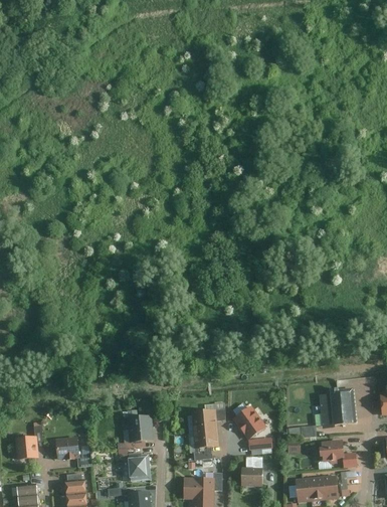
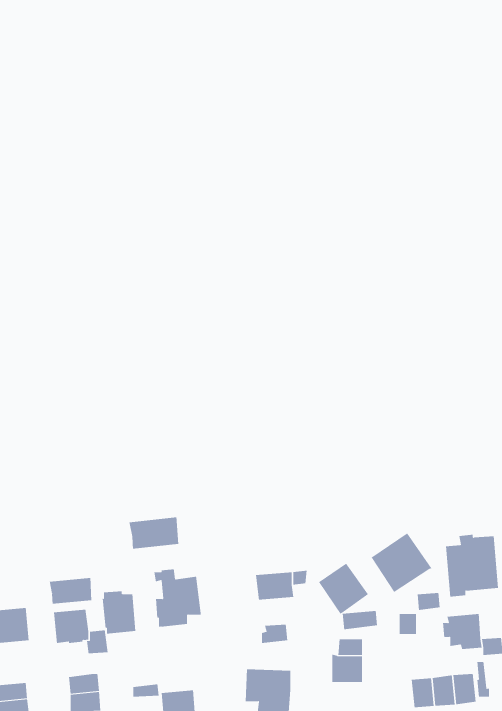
building: none -> [129,517,179,550]
building: none -> [371,532,432,593]
building: none -> [49,577,92,605]
building: [192,429,218,448] -> none
building: [127,452,150,481] -> [102,591,136,634]

